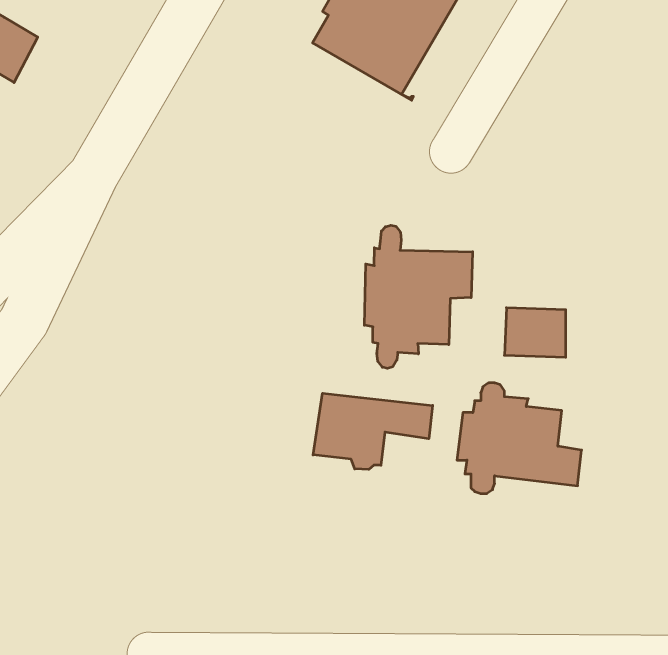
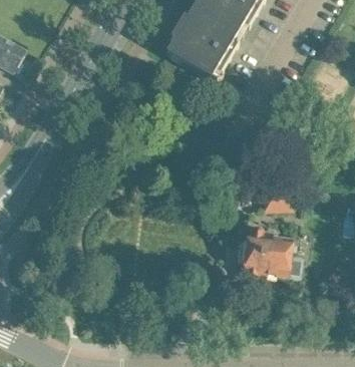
building: [364,225,473,368] -> none
building: [313,393,433,469] -> none

